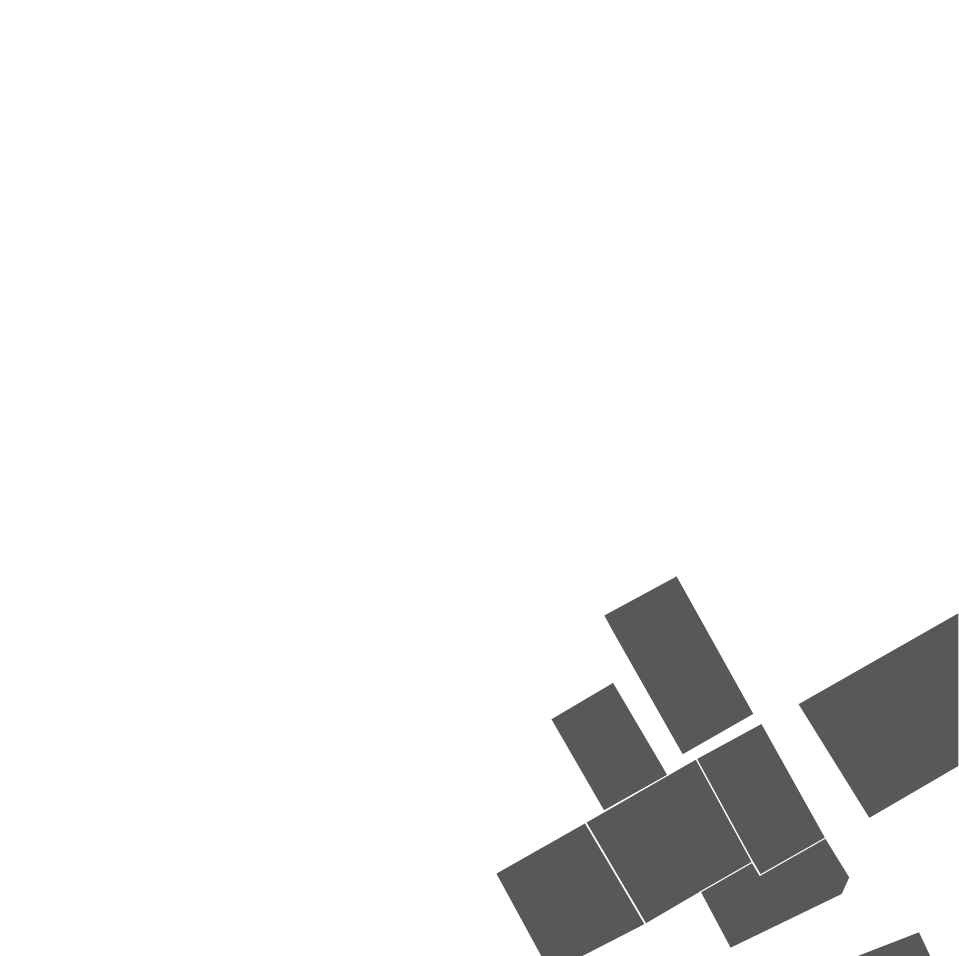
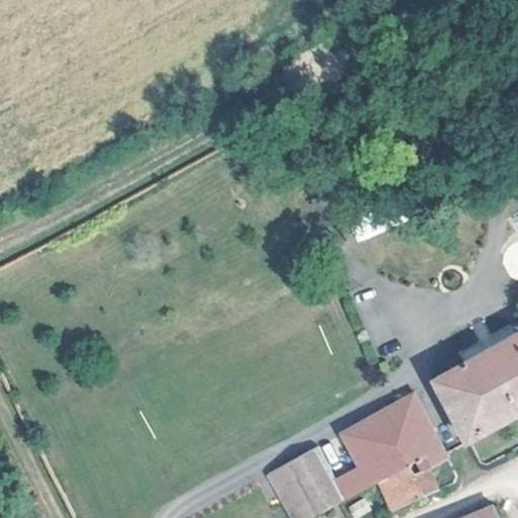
building: [603,575,754,755] -> none
building: [551,682,668,811] -> none

